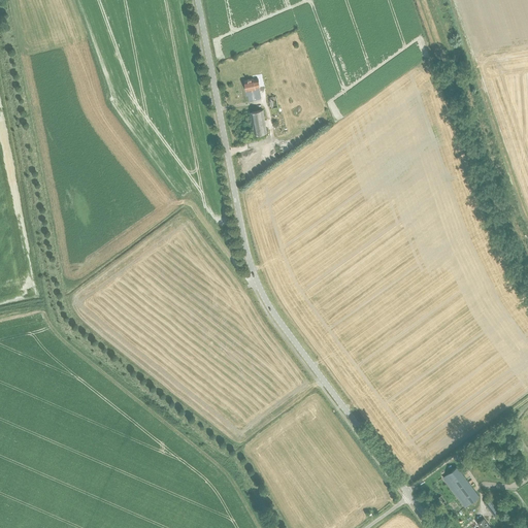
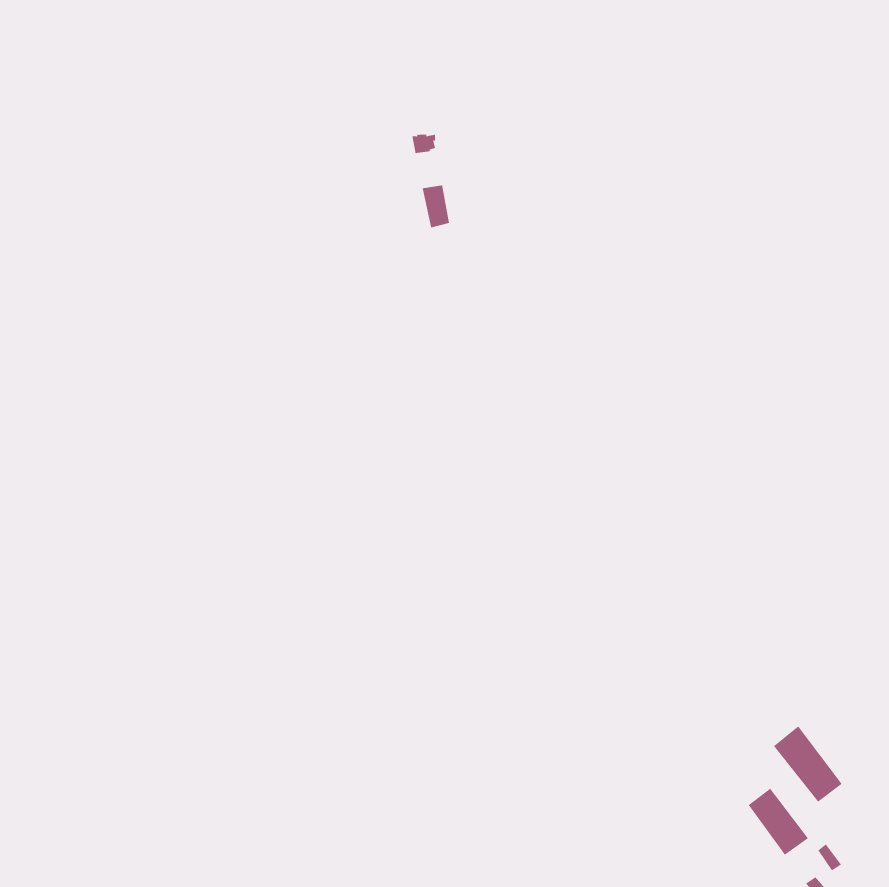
building: none -> [773,726,843,802]

